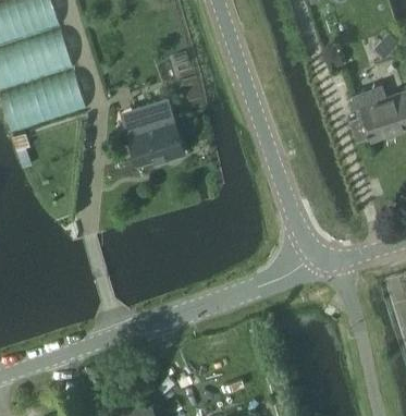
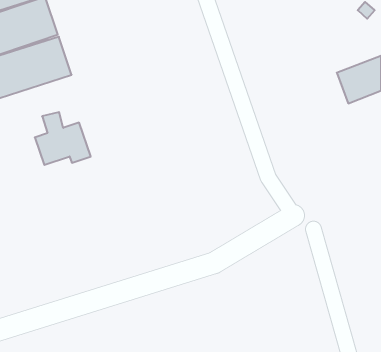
building: [126,107,184,161] -> [35,112,91,165]

